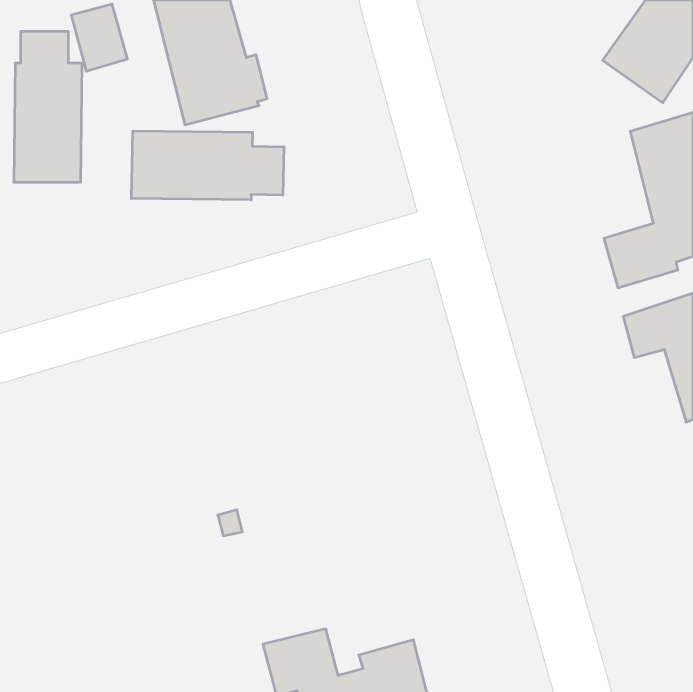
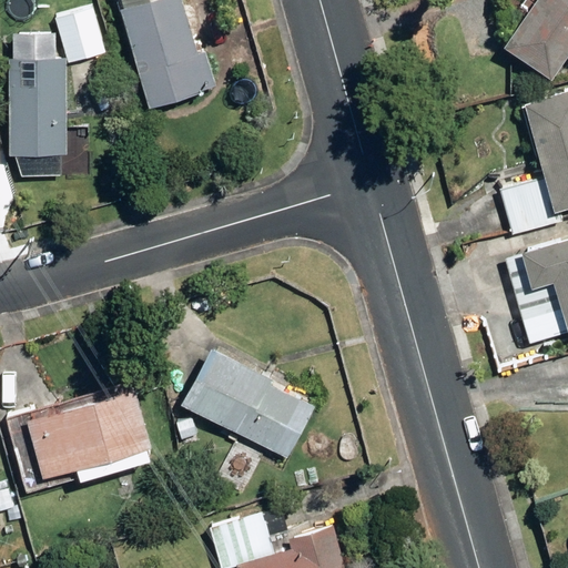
building: [131,131,284,200] -> none
building: none -> [183,348,314,459]
building: none -> [7,385,158,491]

